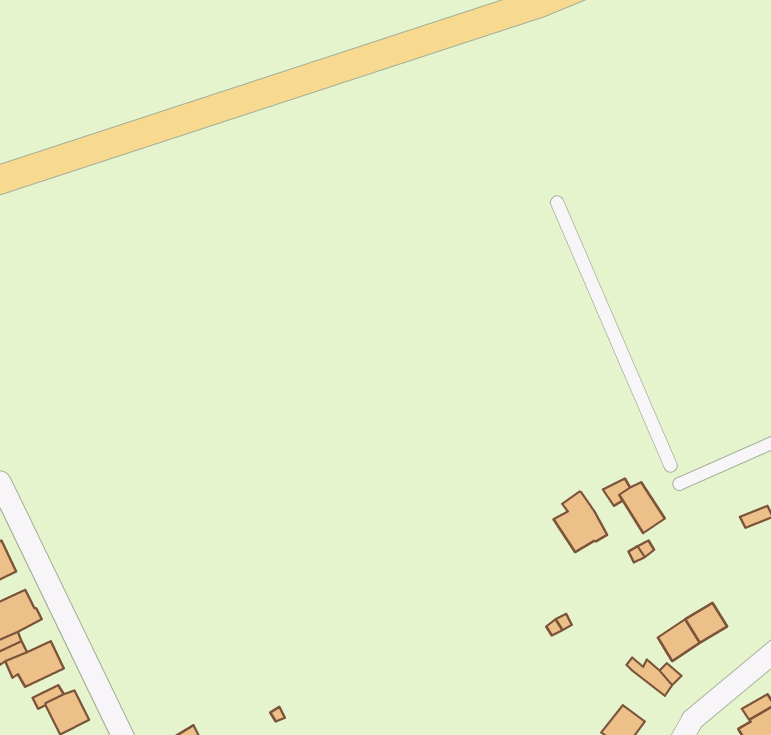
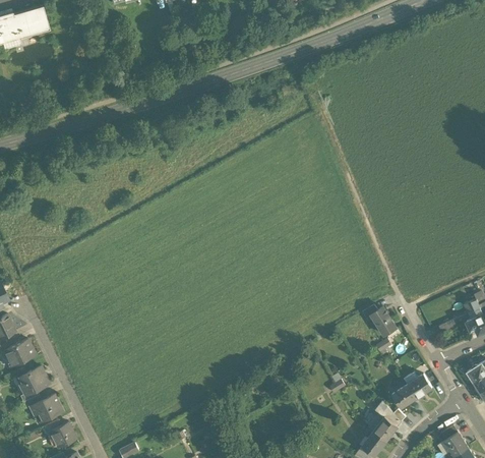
building: [554,491,607,552] -> none
building: none -> [367,411,397,440]

